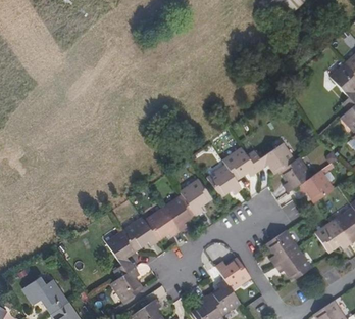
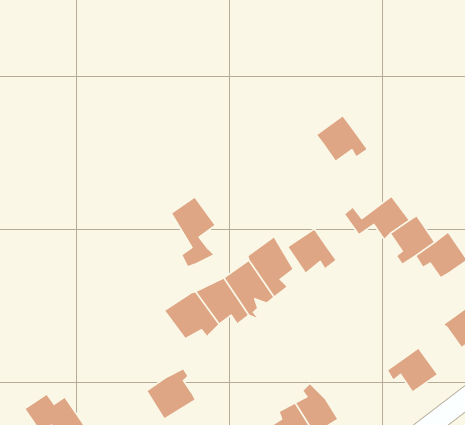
building: [222,149,257,181] -> [316,116,367,162]
building: [107,224,138,272] -> [171,197,216,267]
building: [268,230,298,265] -> none
building: [216,253,253,285] -> none

